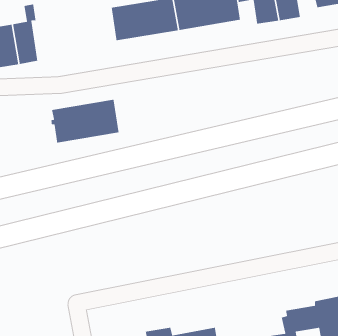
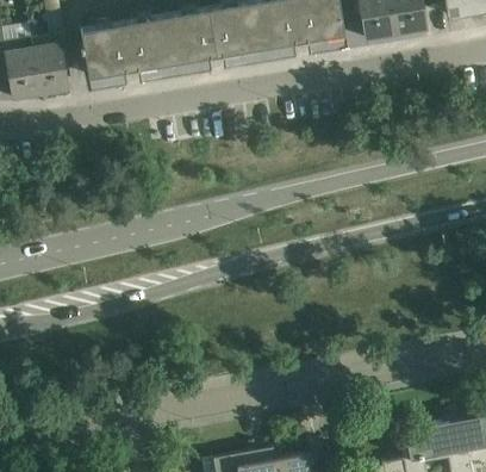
building: [50,99,119,143] -> [79,18,173,79]

